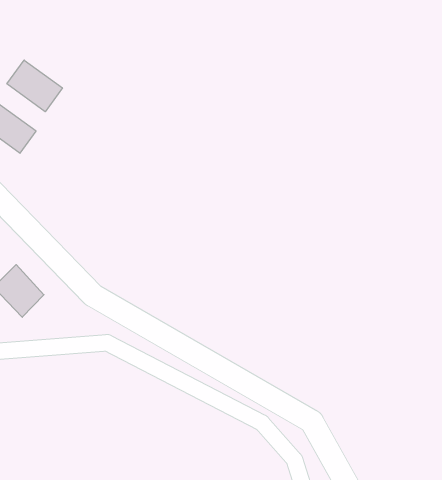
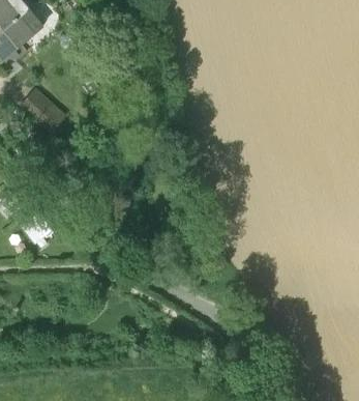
building: [7,60,62,112] -> none

